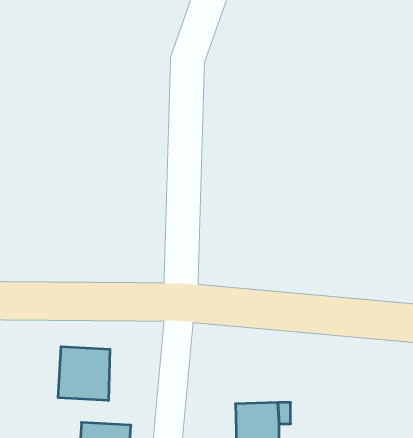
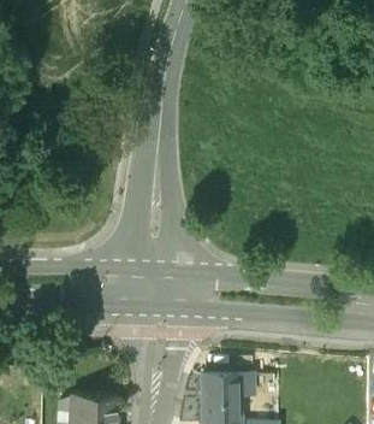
building: [58,347,110,401] -> none

